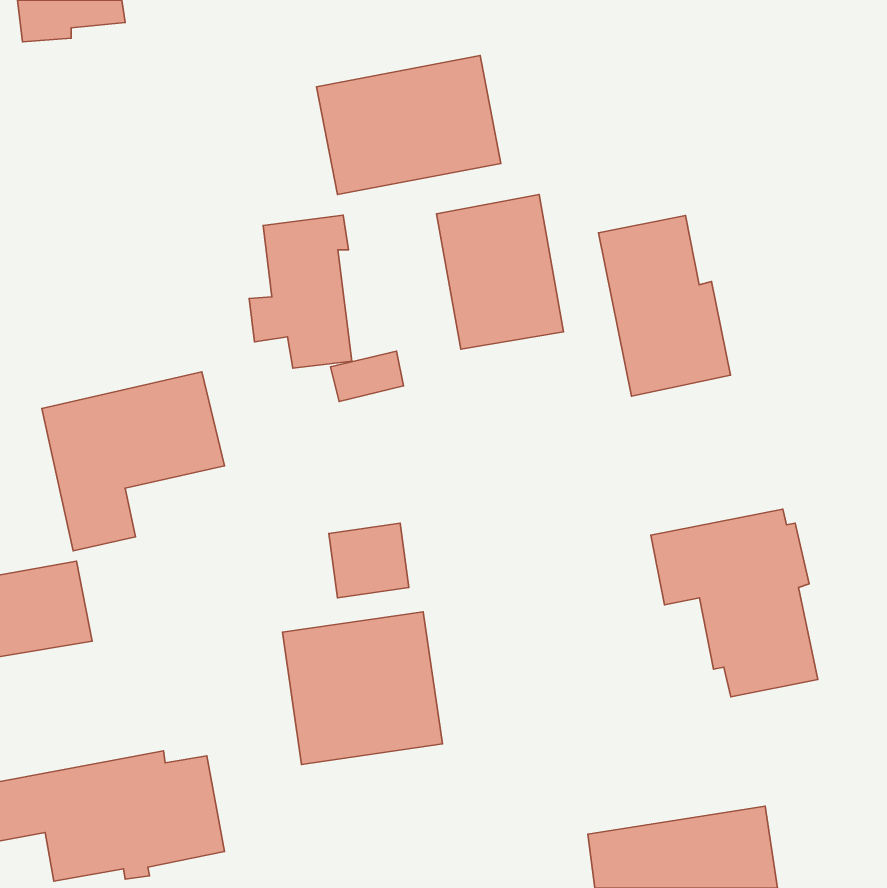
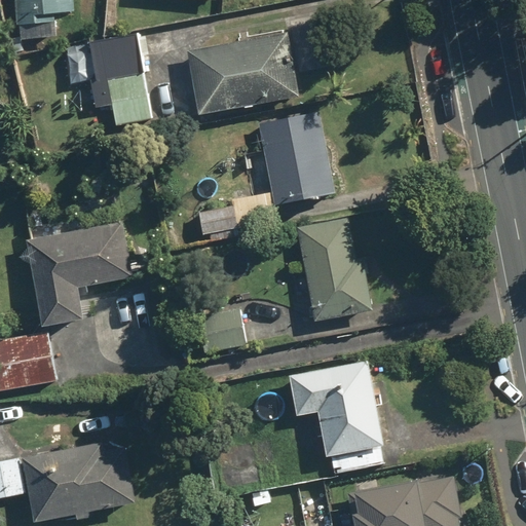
building: [249,215,352,368] -> [87,33,148,123]
building: [598,215,731,396] -> [294,218,372,325]
building: [651,509,818,697] -> [287,361,385,472]
building: [282,612,442,764] -> none

